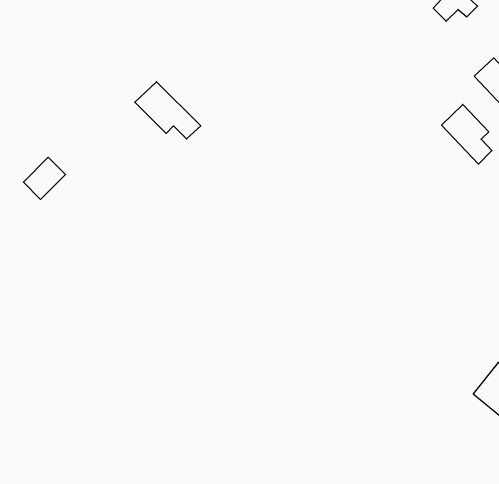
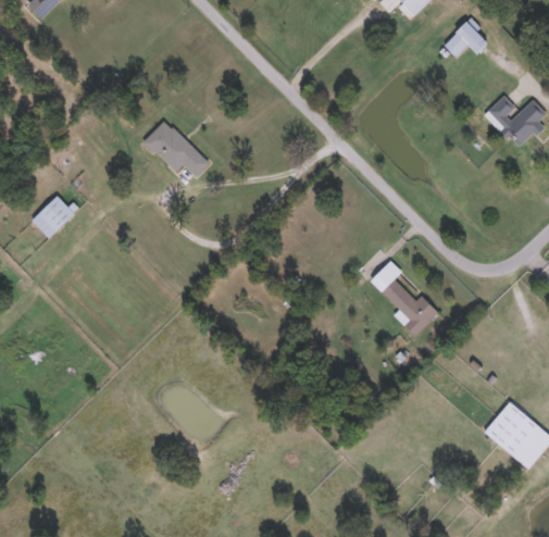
building: [442,104,492,164] -> none
building: none -> [371,259,439,335]

